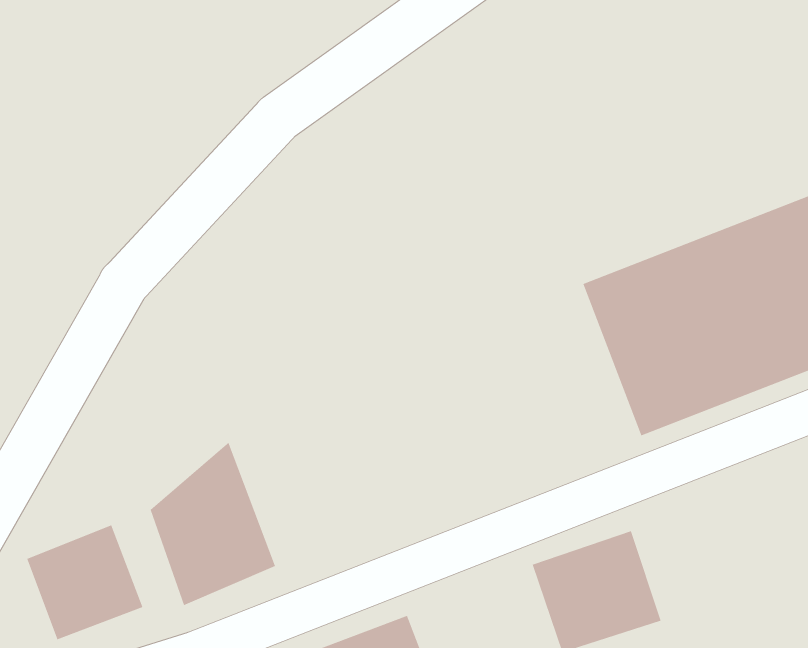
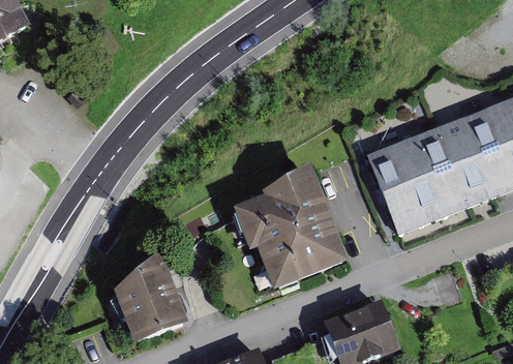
building: none -> [235,160,346,284]
building: [26,525,143,640] -> none

